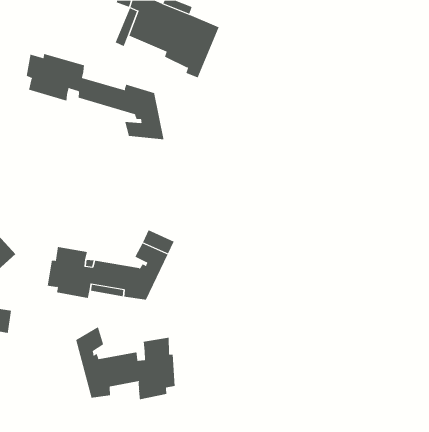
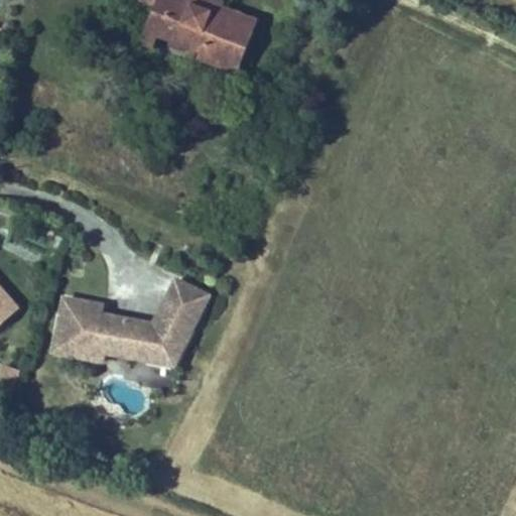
building: [26,53,164,140] -> none
building: [75,326,175,400] -> none

